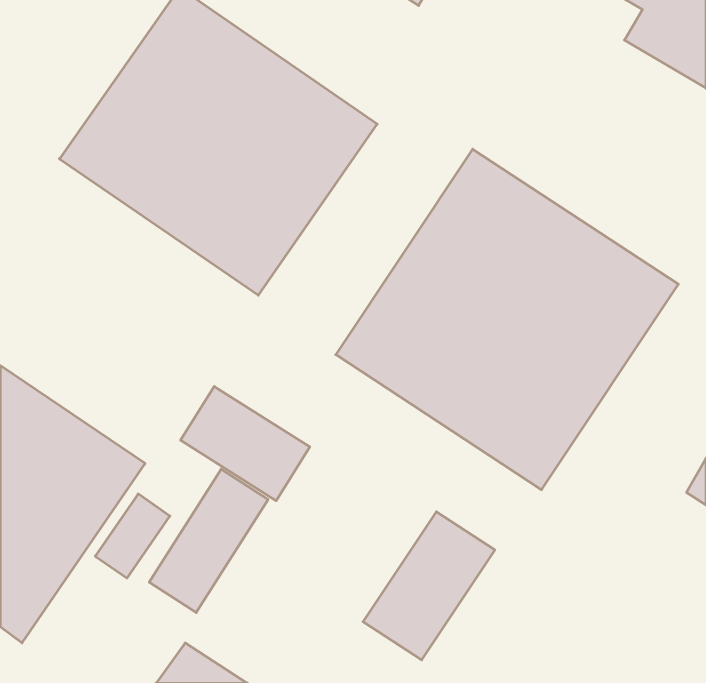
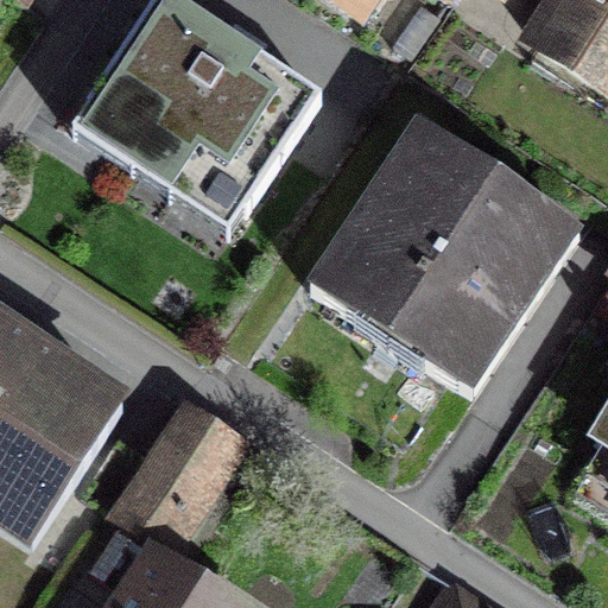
building: [181,386,310,501] -> none
building: [363,512,495,660] -> none

